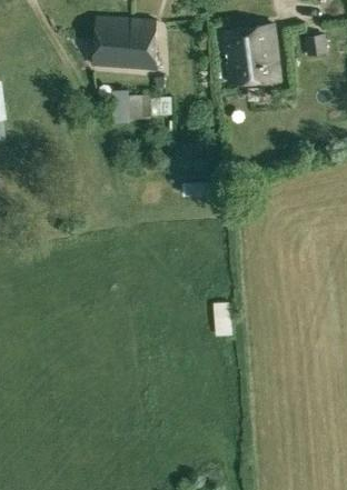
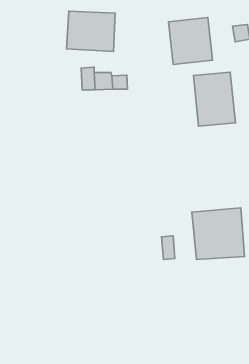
building: none -> [193,72,235,126]
building: none -> [192,208,245,260]

